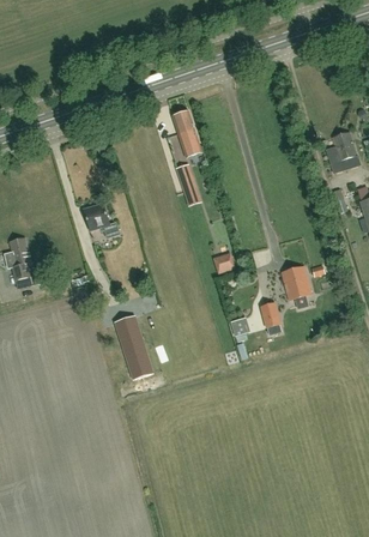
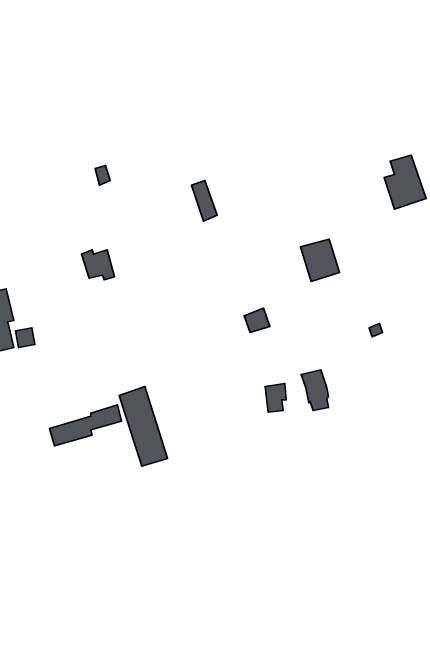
building: [171,110,200,153] -> none
building: [278,265,309,298] -> [300,239,340,281]
building: none -> [50,405,121,446]

